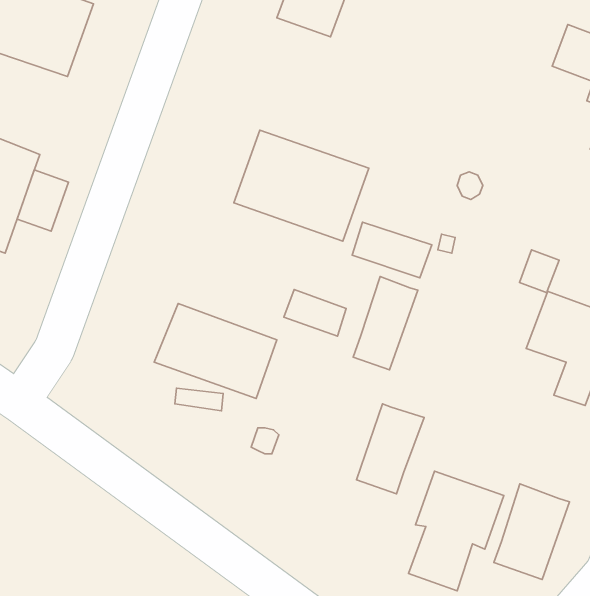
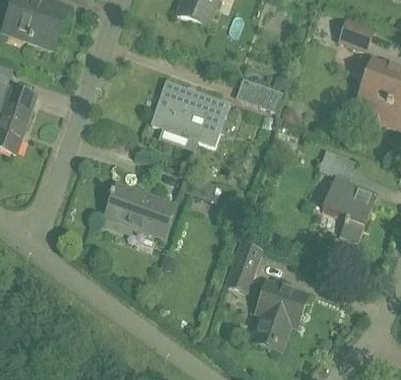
building: [17,170,68,231] -> none
building: [352,222,432,278] -> [237,78,283,111]
building: [353,276,418,370] -> none
building: [494,484,570,579] -> none

